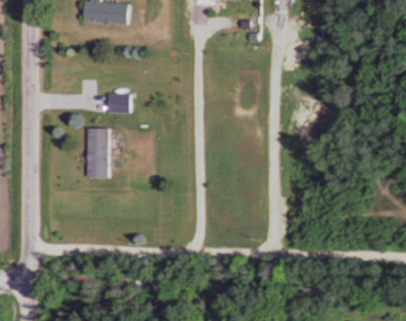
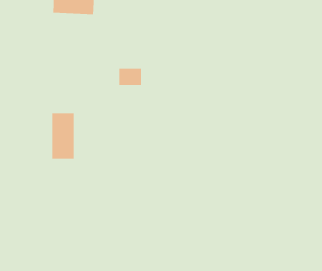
building: [104,94,129,112] -> [119,68,142,85]

